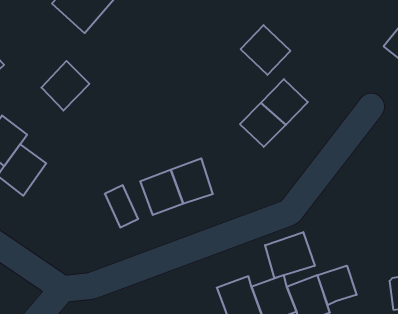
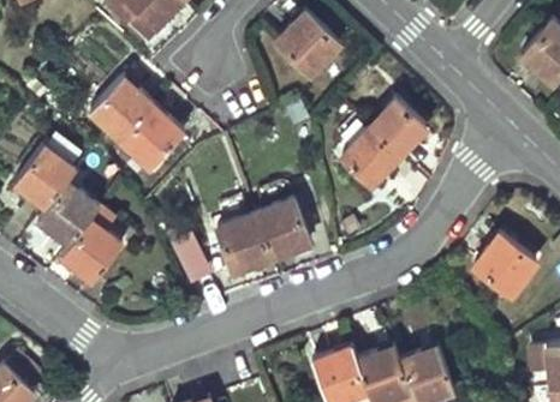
building: [241,25,290,75] -> [276,12,339,74]
building: none -> [115,106,183,175]
building: none -> [61,205,123,282]
building: none -> [472,234,535,294]
building: [265,232,315,278] -> none
building: [317,266,357,305] -> none

